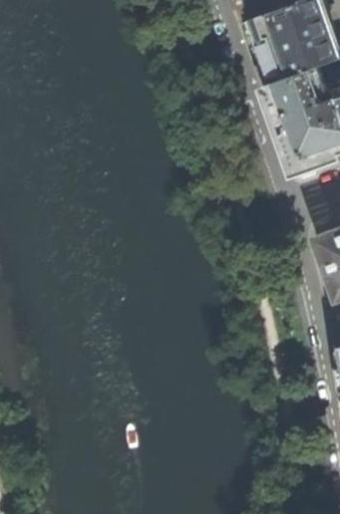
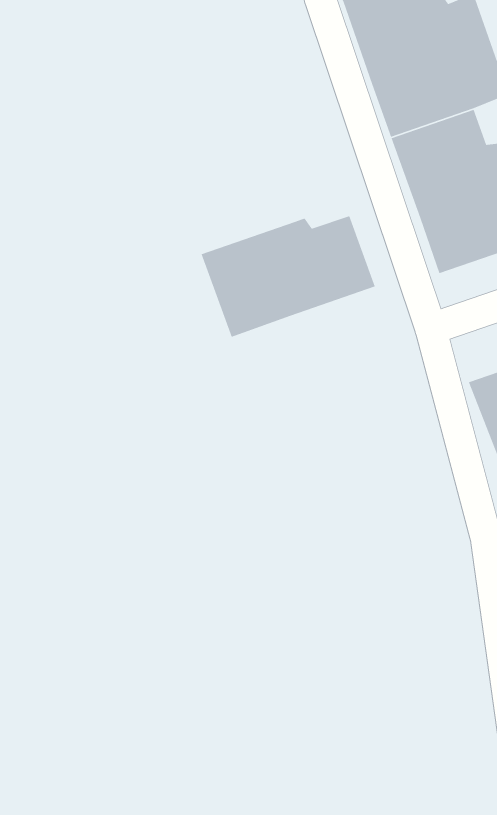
building: none -> [201,215,376,338]

